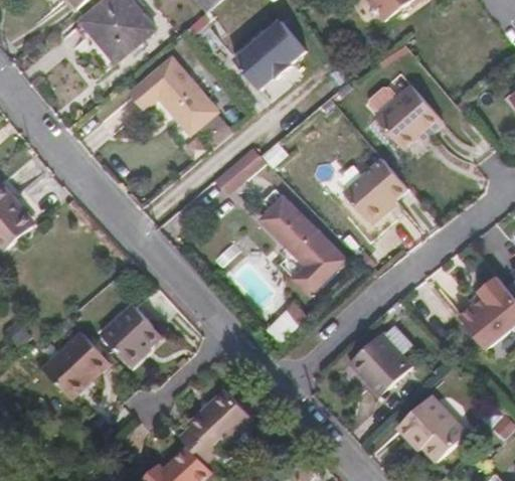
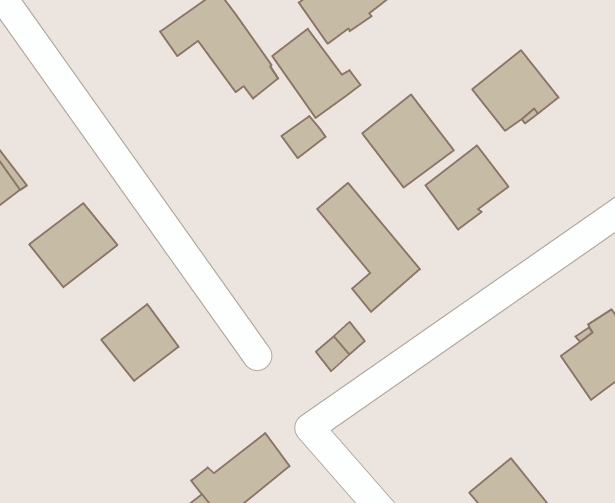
building: none -> [272,29,361,118]
building: none -> [362,95,454,188]
building: [348,327,408,395] -> none
building: [42,331,111,397] -> [29,203,117,287]

